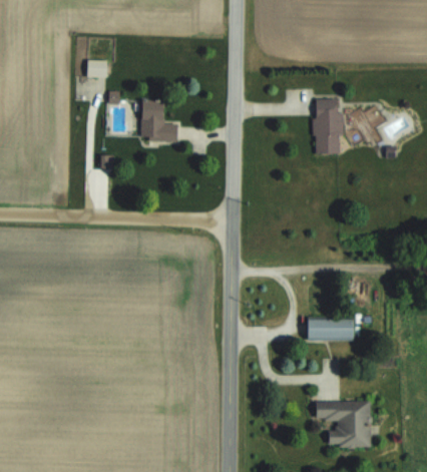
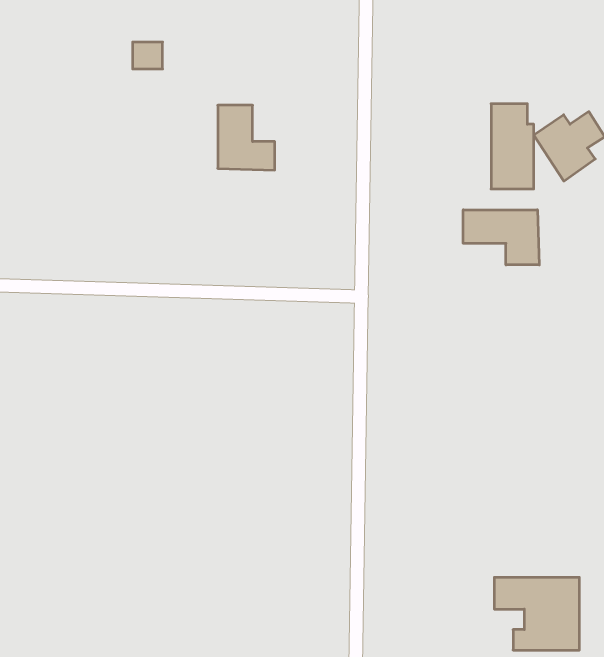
building: none -> [463,210,539,265]
building: [307,320,353,340] -> none

